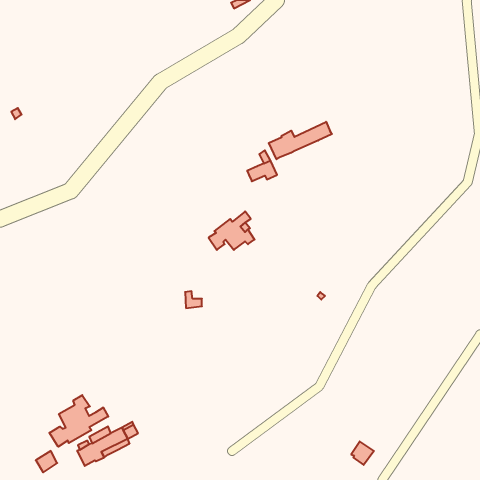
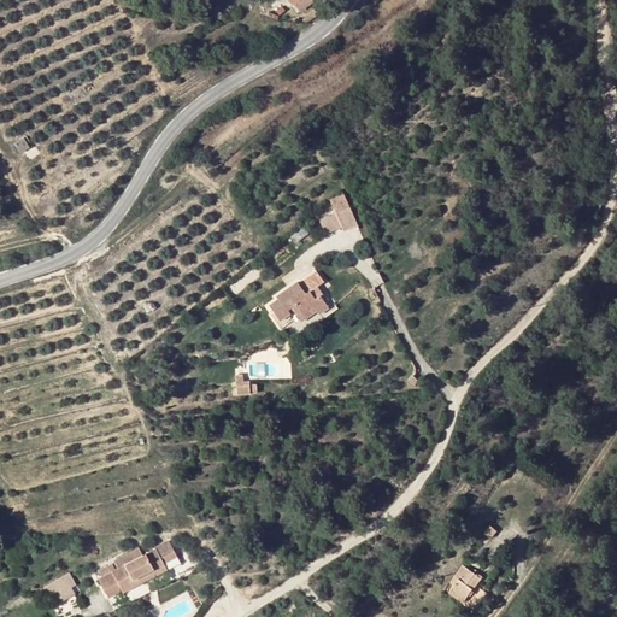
building: [269,122,332,159] -> none
building: [49,395,108,447] -> none

